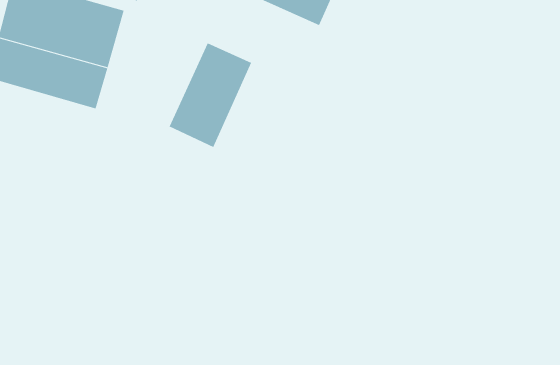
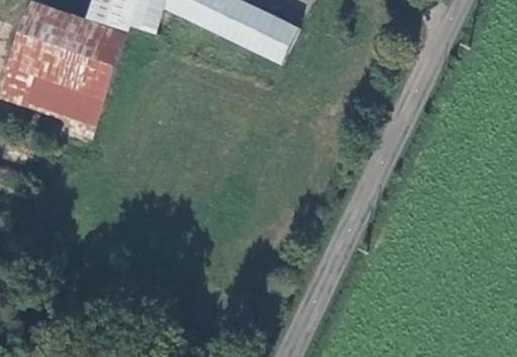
building: [169,43,252,148] -> none

